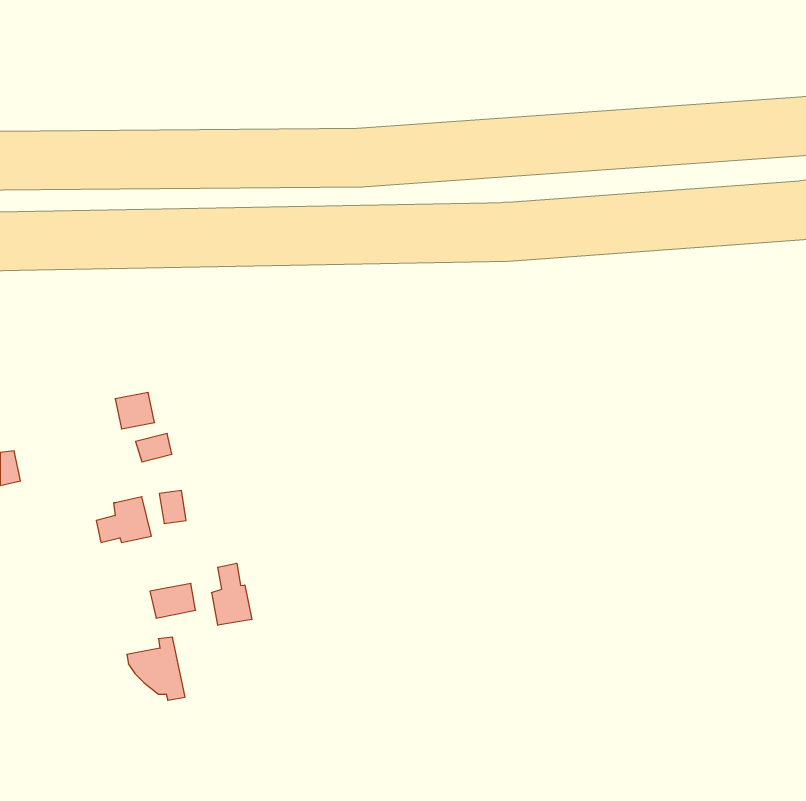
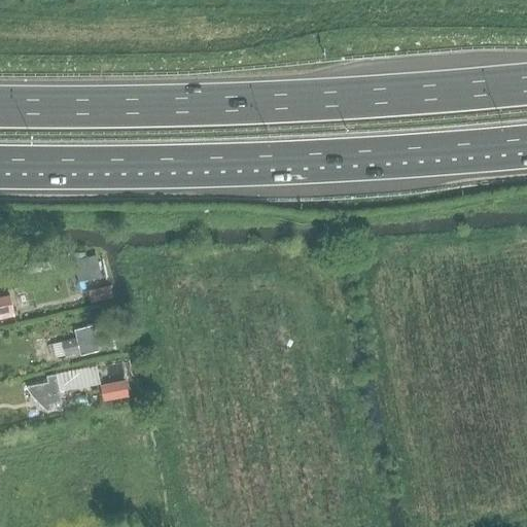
building: [211,563,252,625] -> none
building: [127,637,185,700] -> [26,372,64,413]

